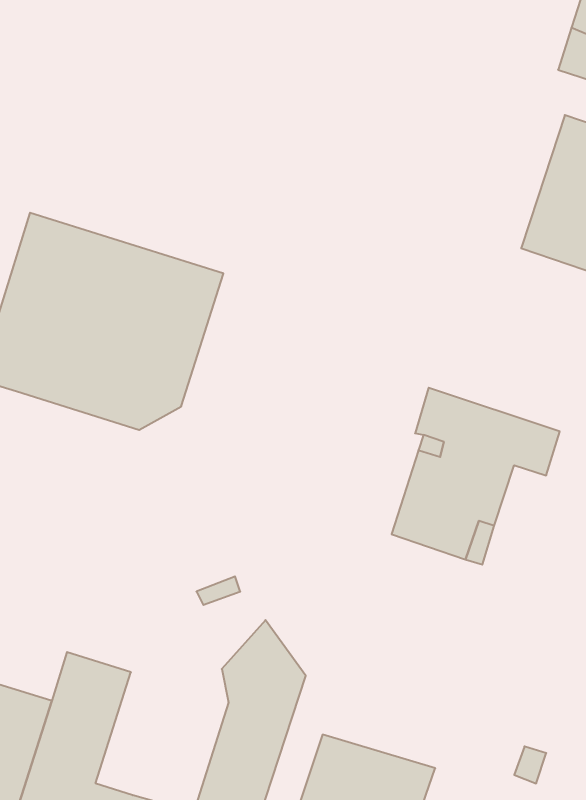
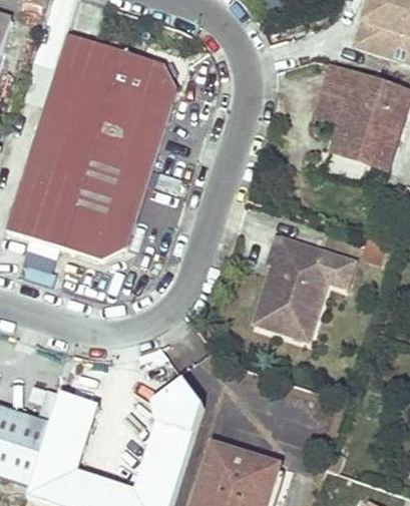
building: none -> [37,31,176,166]
building: none -> [314,64,356,121]

